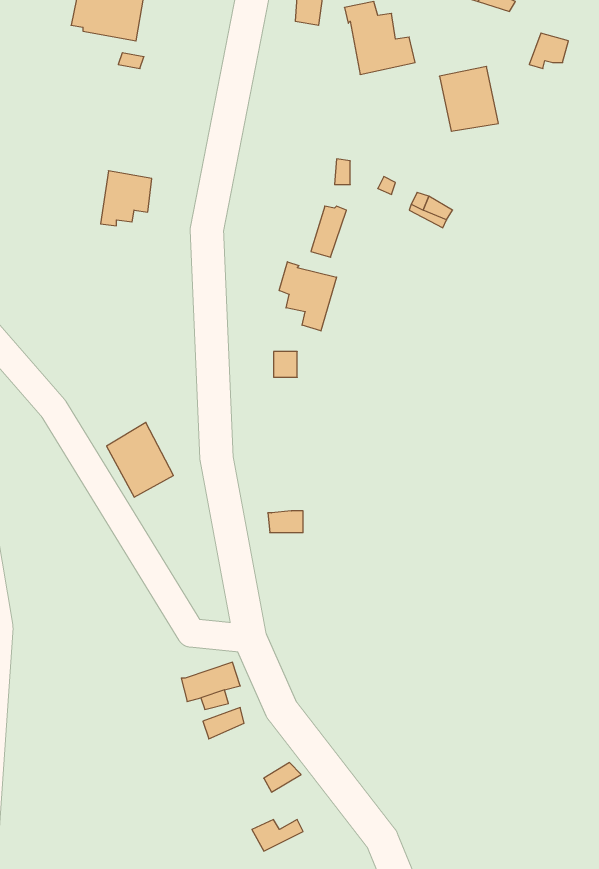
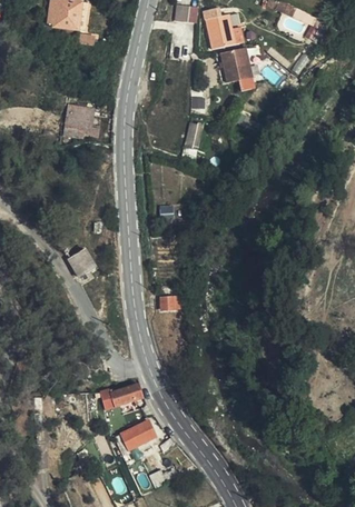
building: [439,66,498,131] -> [218,48,252,84]
building: [279,262,337,331] -> none
building: none -> [112,419,156,447]

